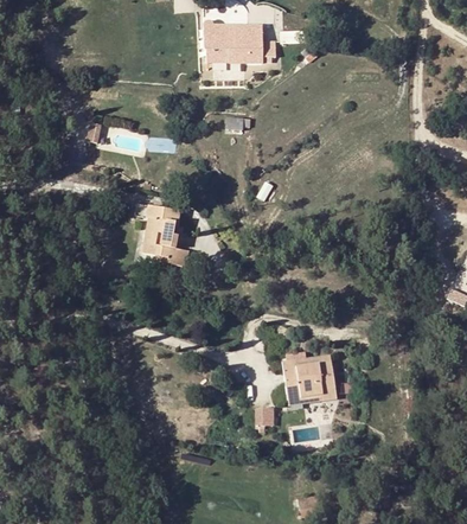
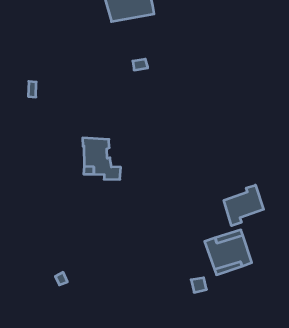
building: none -> [224,185,264,226]

